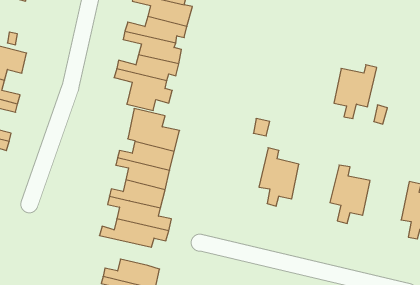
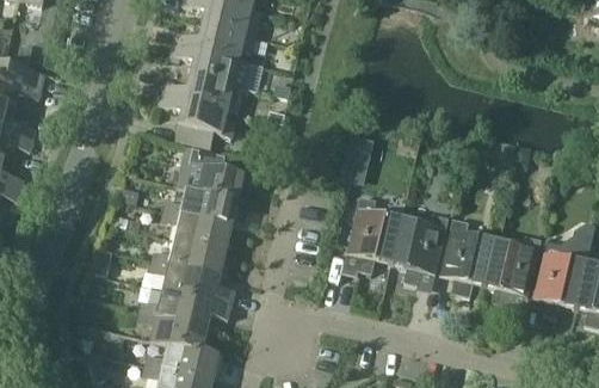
building: [334,65,377,119] -> [391,213,447,283]
building: none -> [484,235,541,304]
building: none -> [138,310,208,350]

